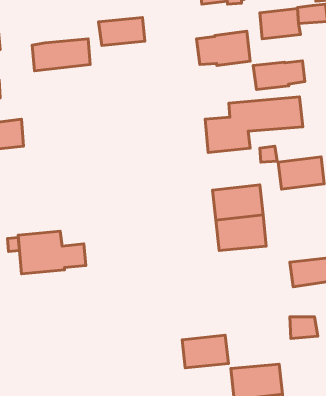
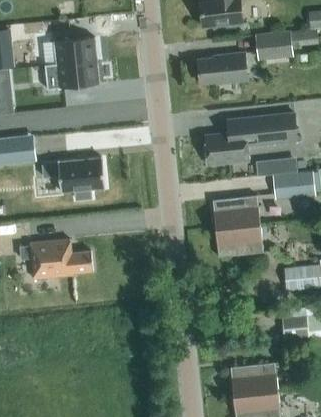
building: [99,18,145,46] -> [53,37,96,63]
building: [253,61,305,90] -> none
building: none -> [43,151,105,193]
building: [182,335,228,368] -> none

